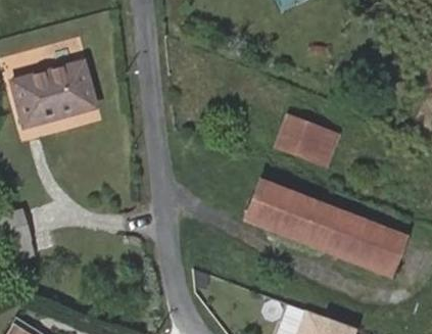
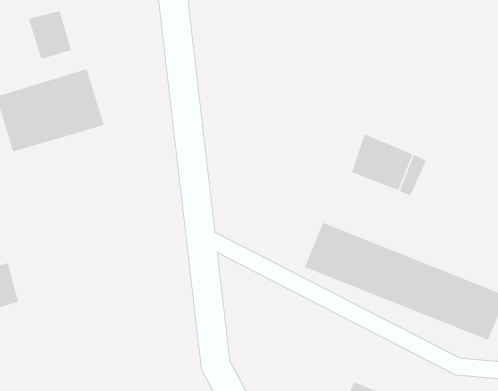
building: none -> [28,10,72,60]

